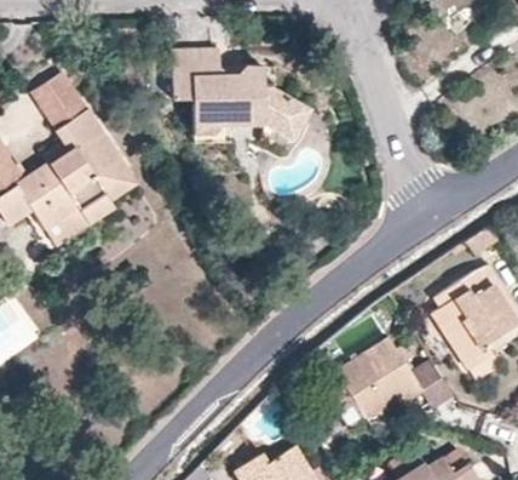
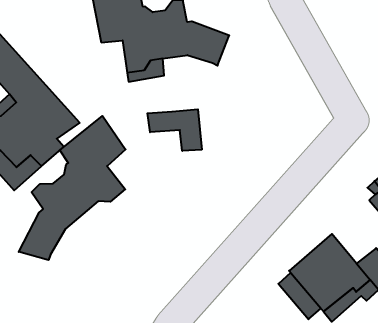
building: none -> [19,116,126,260]
building: none -> [147,109,202,151]

